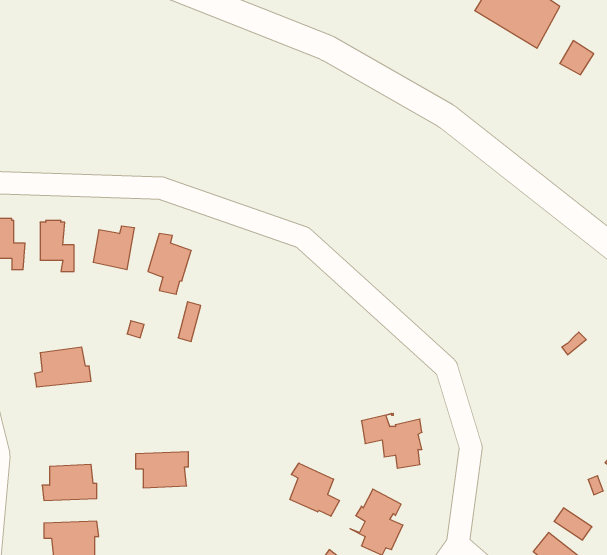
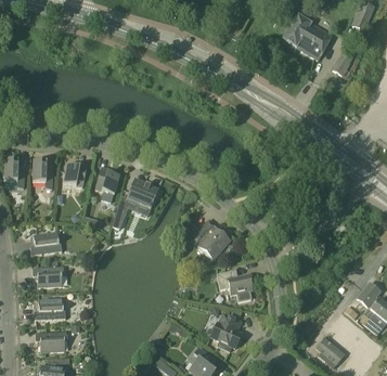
building: none -> [127,177,158,213]
building: none -> [192,223,231,258]
building: [136,452,188,488] -> [34,265,64,286]
building: [290,463,339,516] -> none

